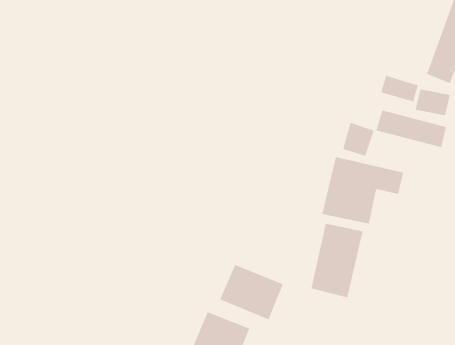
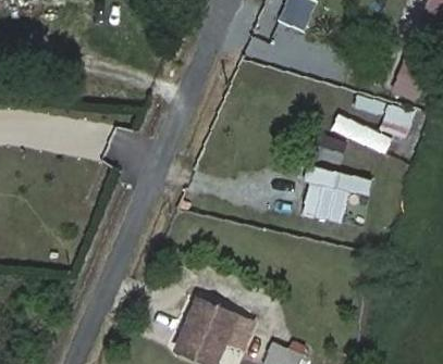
building: [311,223,363,298] -> none
building: [220,264,283,320] -> none

